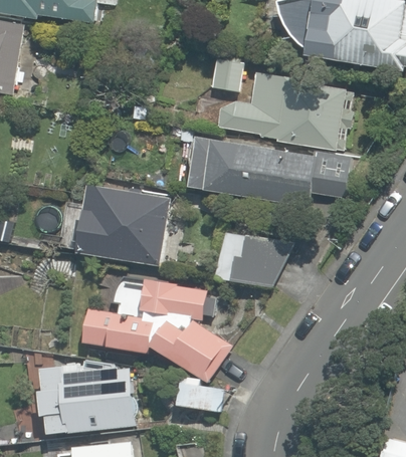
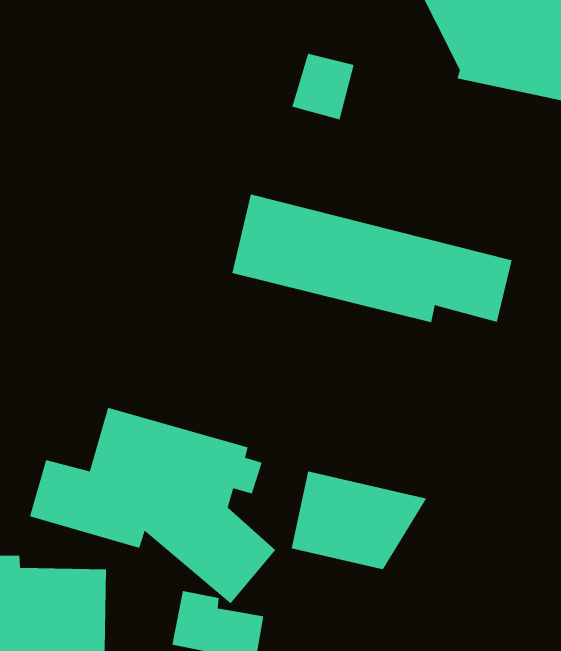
building: [217,72,346,147] -> none
building: [73,184,168,265] -> none
building: [216,233,292,286] -> [291,471,427,570]

